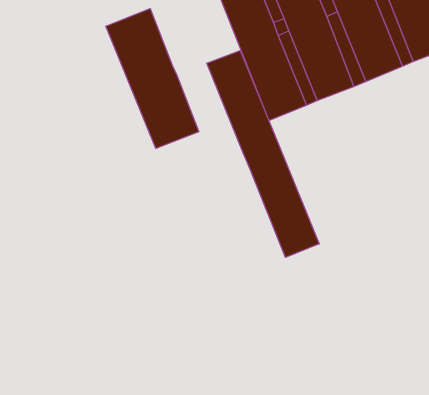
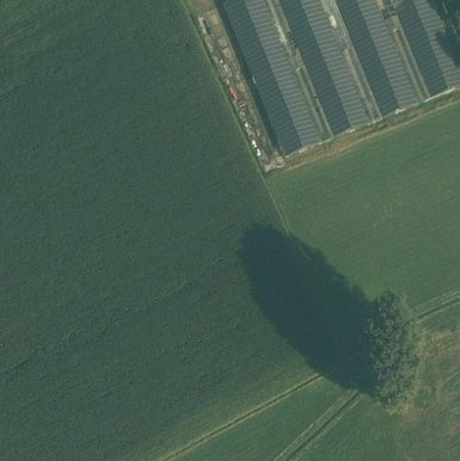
building: [106,9,199,148] -> none
building: [207,51,319,257] -> none

